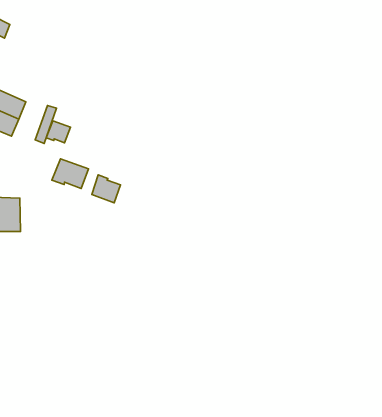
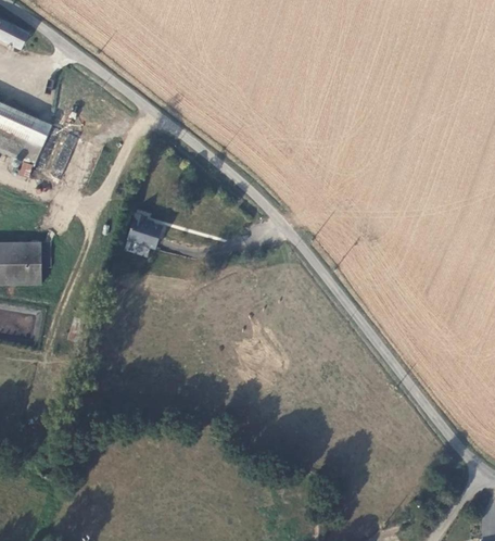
building: [46,121,70,143] -> none
building: [52,159,88,189] -> none

